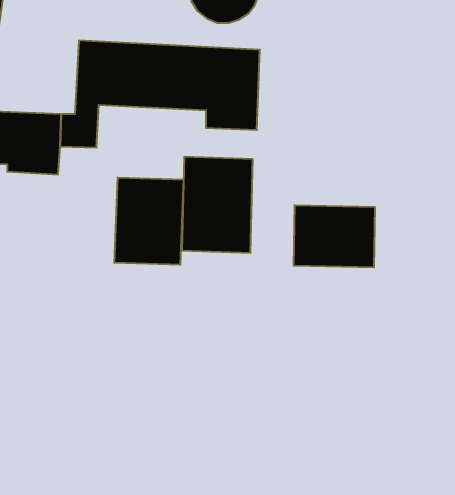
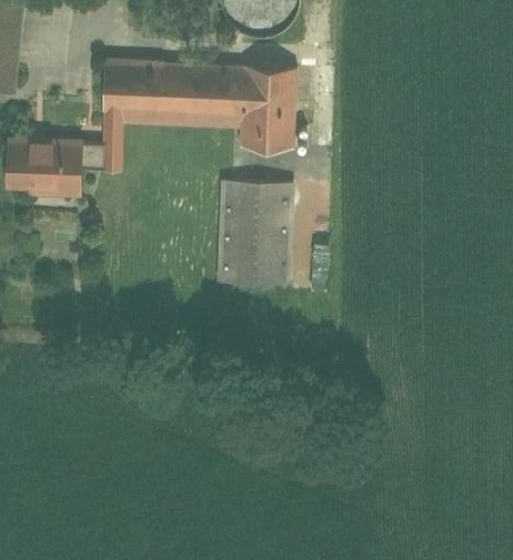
building: [114,177,184,265] -> none
building: [294,205,375,267] -> none

